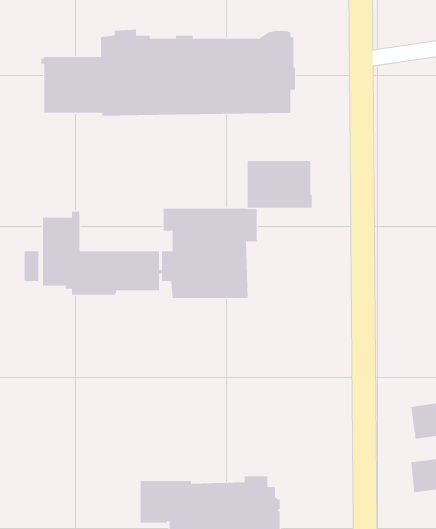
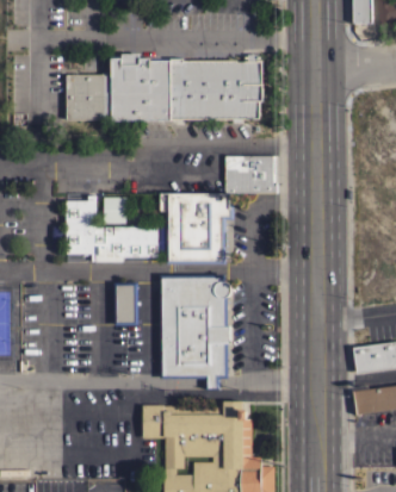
building: none -> [103,197,126,224]
building: none -> [159,274,231,390]
building: none -> [113,282,138,325]

